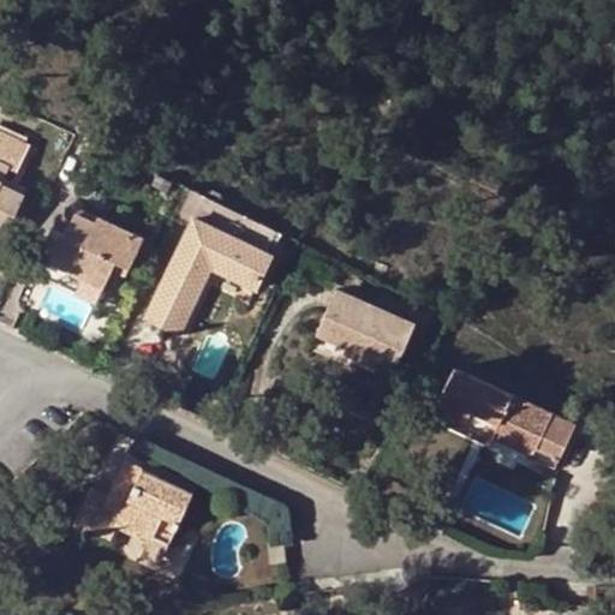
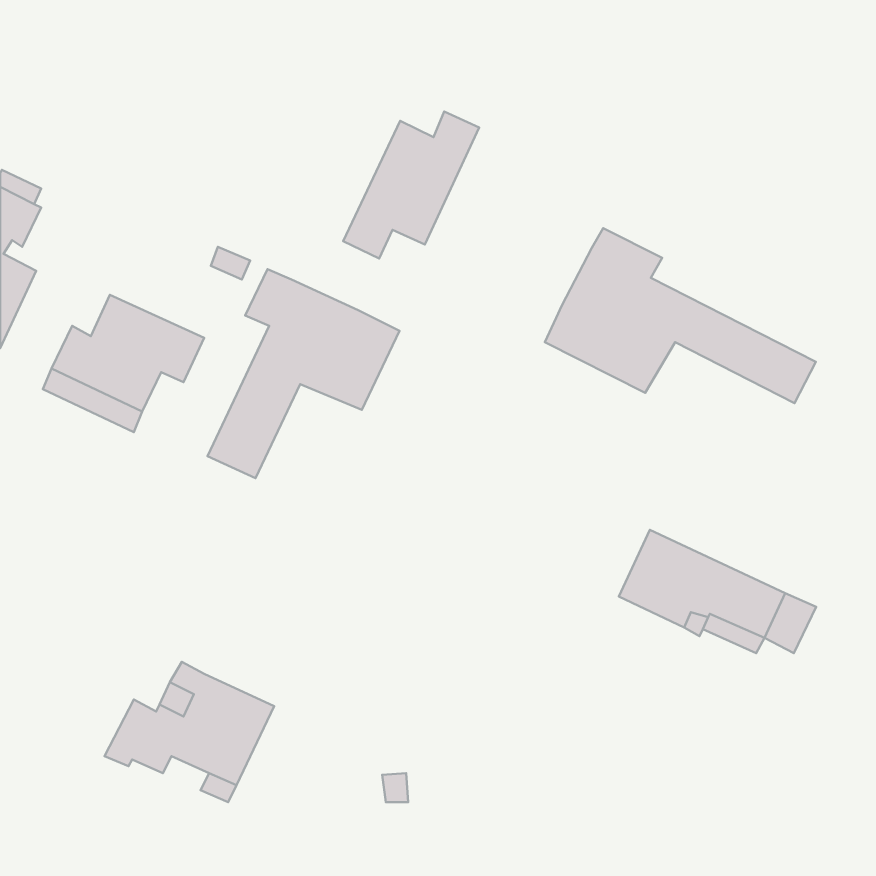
building: none -> [343,112,479,258]
building: none -> [545,228,816,403]
building: [318,293,414,382] -> none

